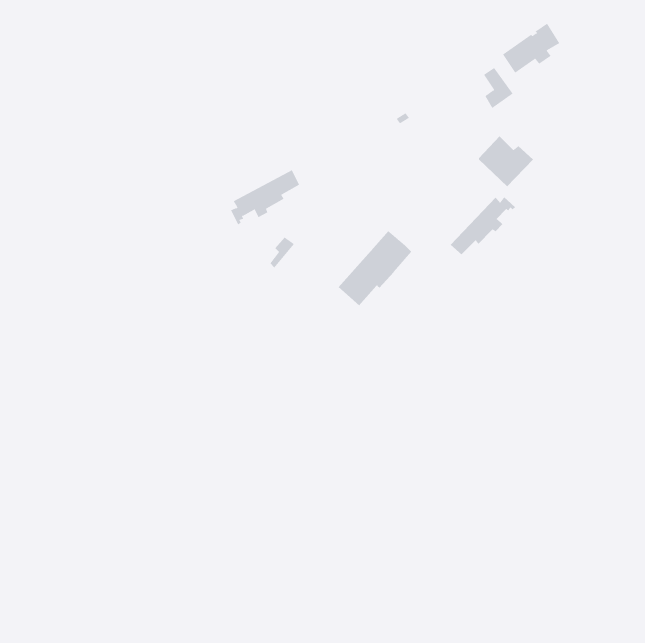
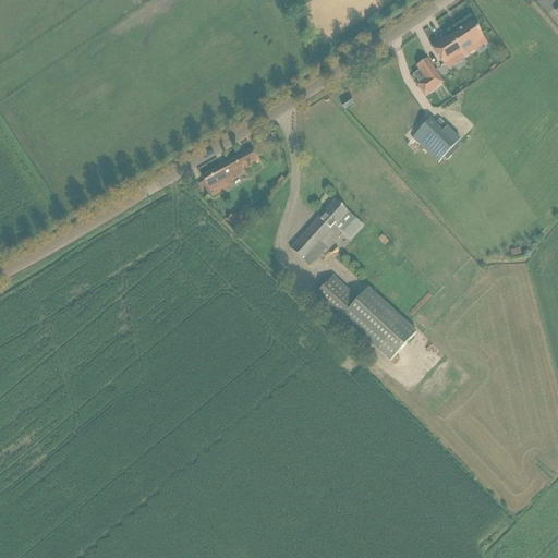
building: [450,197,516,255] -> none
building: none -> [316,275,417,360]

